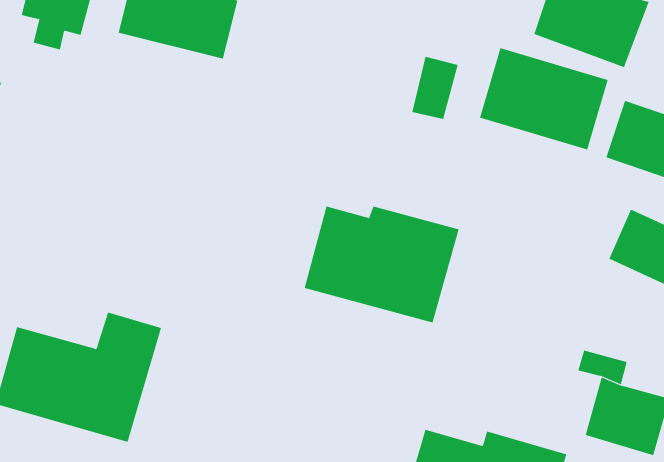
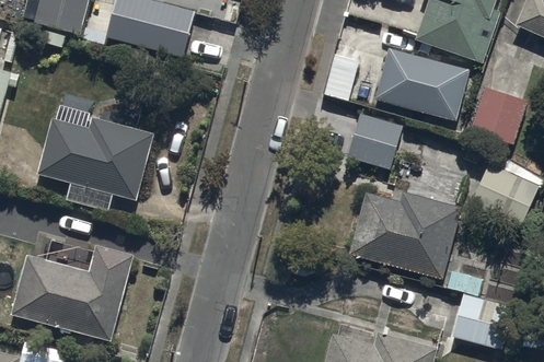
building: none -> [36,104,154,212]
building: none -> [346,112,401,168]
building: [304,206,460,323] -> [347,190,463,278]

